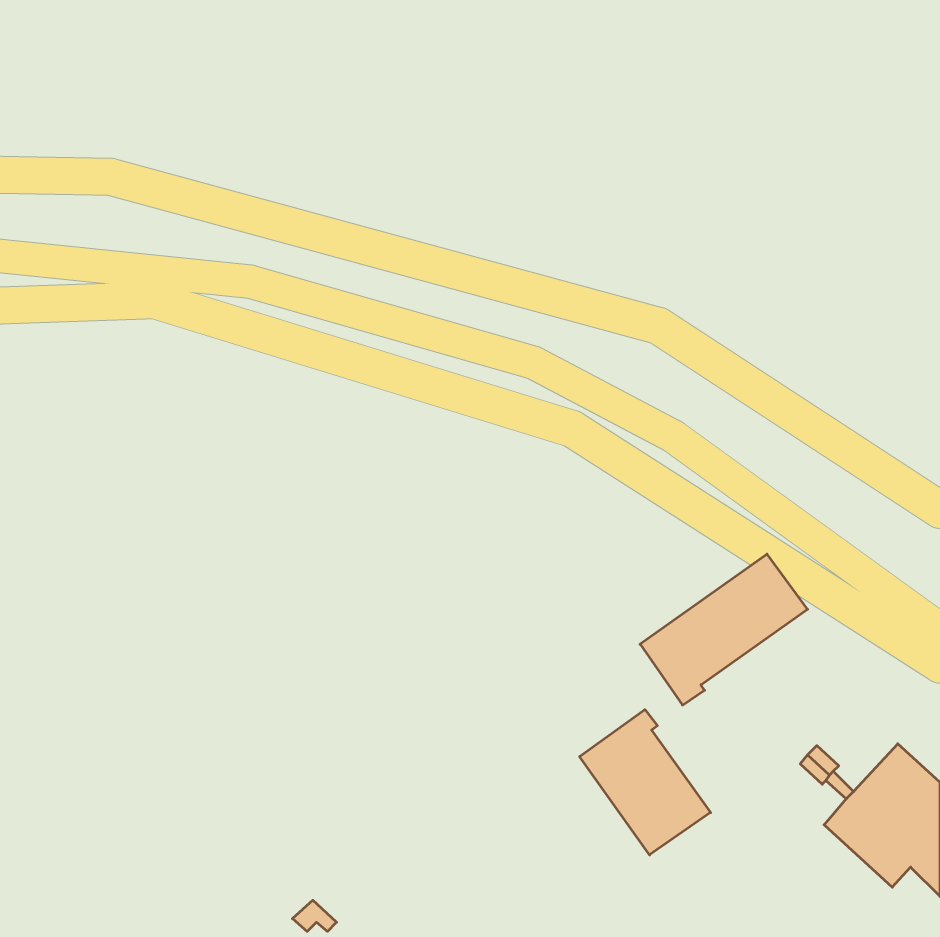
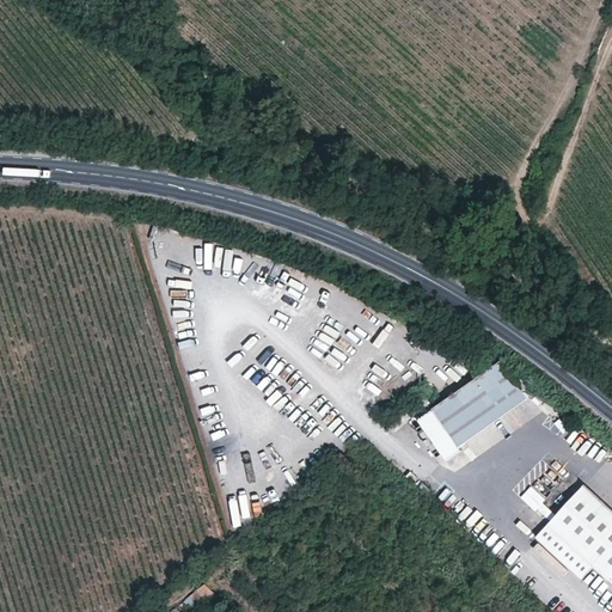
building: [580,710,711,855] -> none

